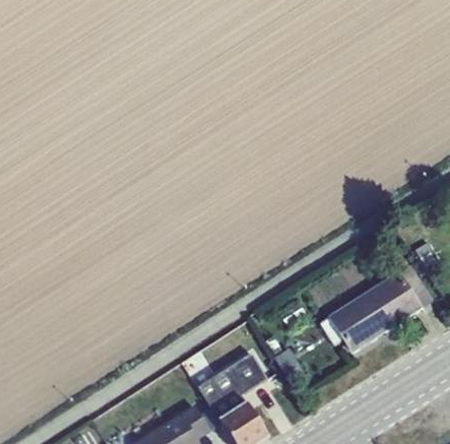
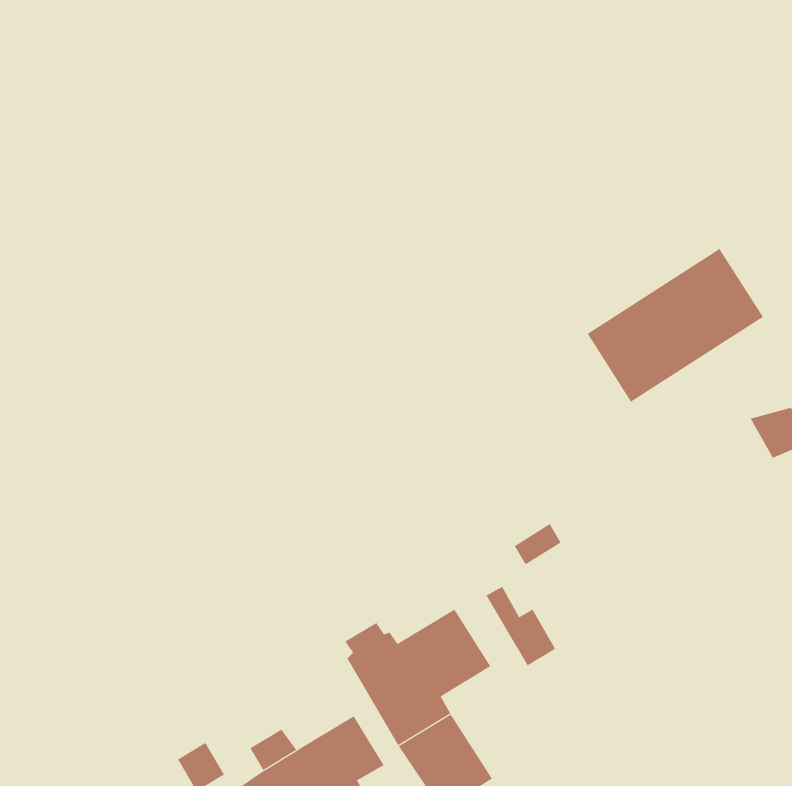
building: [328,271,423,354] -> [587,248,764,402]

